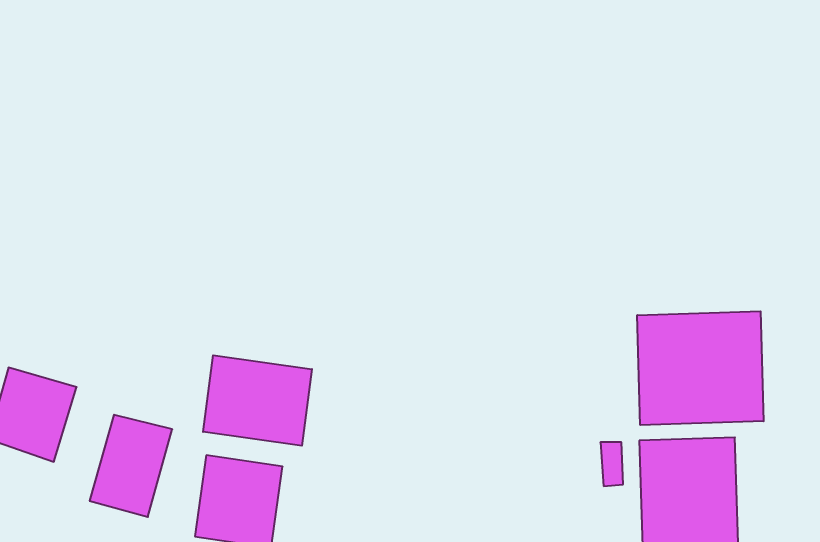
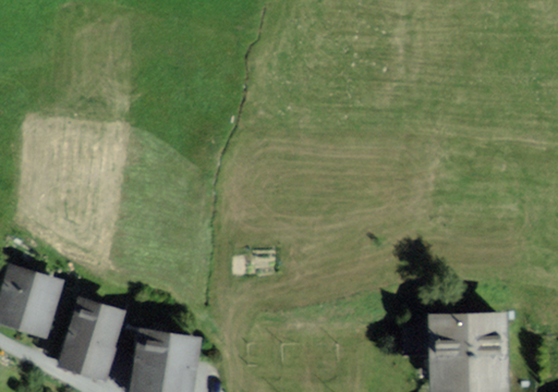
building: [637,311,764,425] -> none
building: [203,355,312,446] -> none

